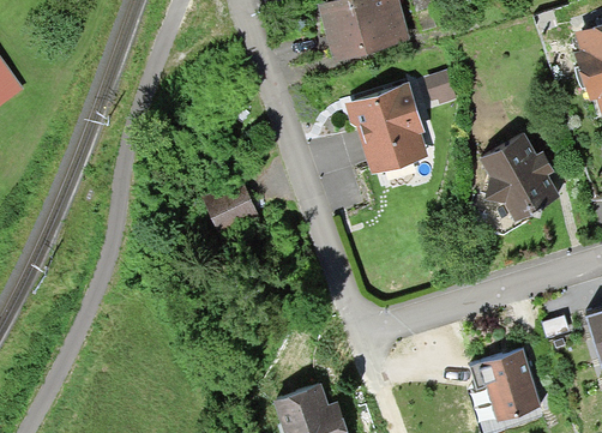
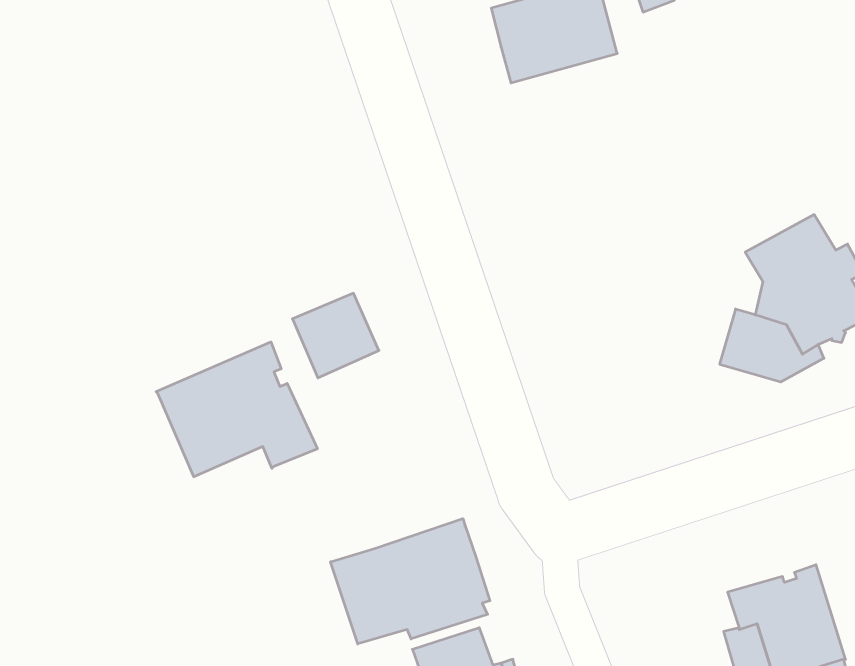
building: [353,85,425,170] -> none
building: none -> [156,342,317,477]
building: none -> [331,519,490,644]

